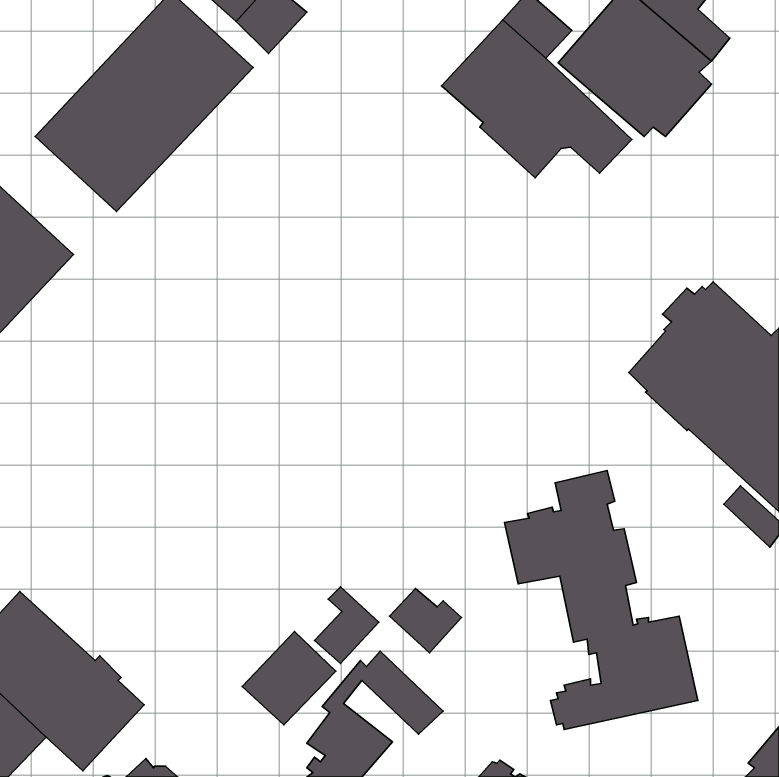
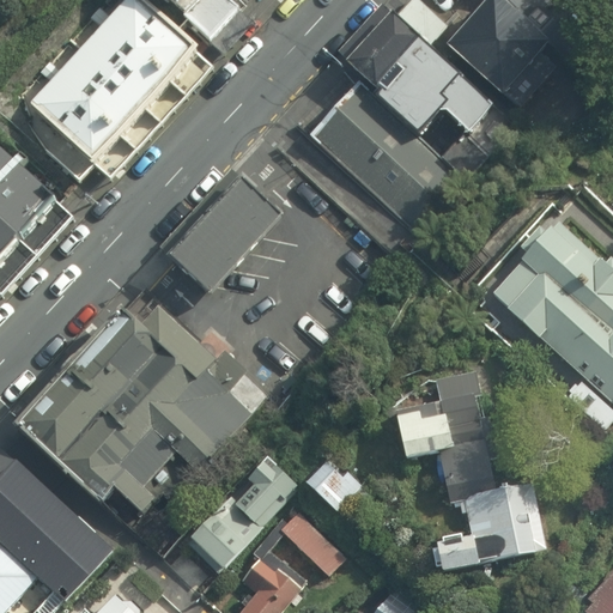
building: none -> [309,84,466,233]
building: none -> [165,176,284,299]
building: none -> [13,306,269,512]

